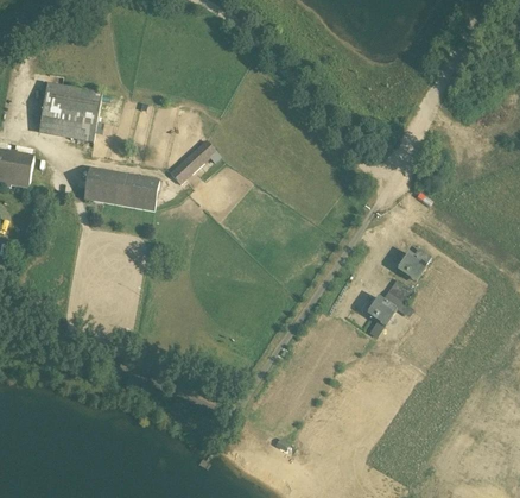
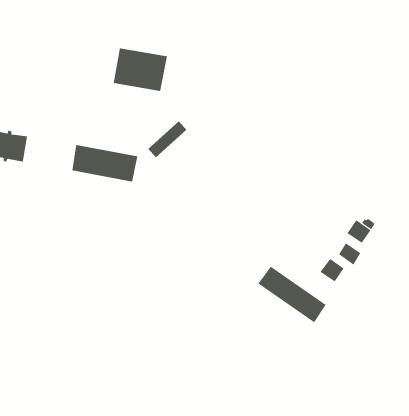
building: [39,83,102,133] -> [113,48,168,92]
building: none -> [258,266,327,323]

